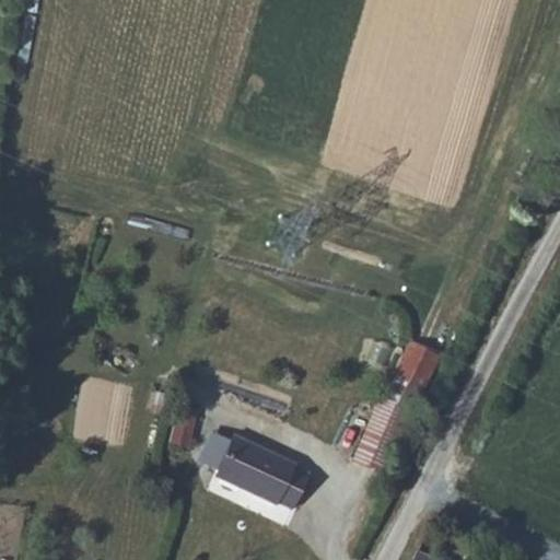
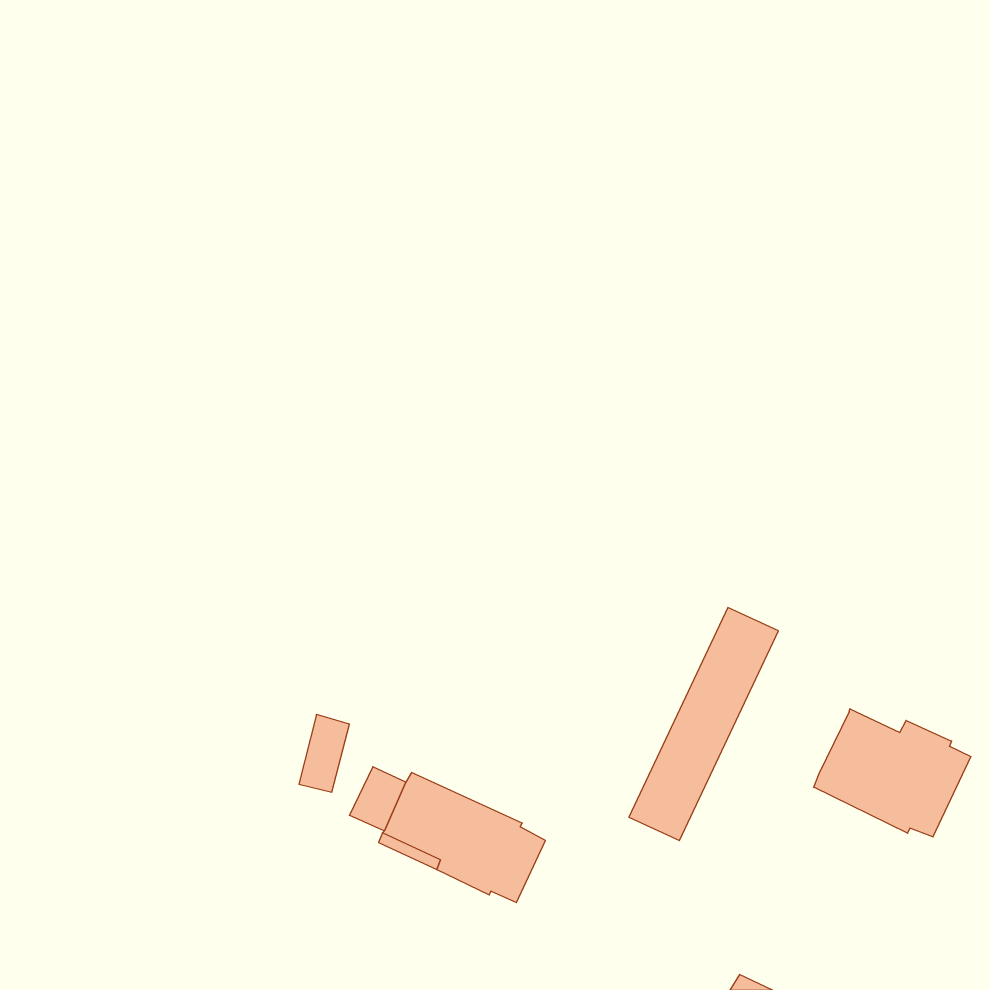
building: none -> [814,709,971,837]

